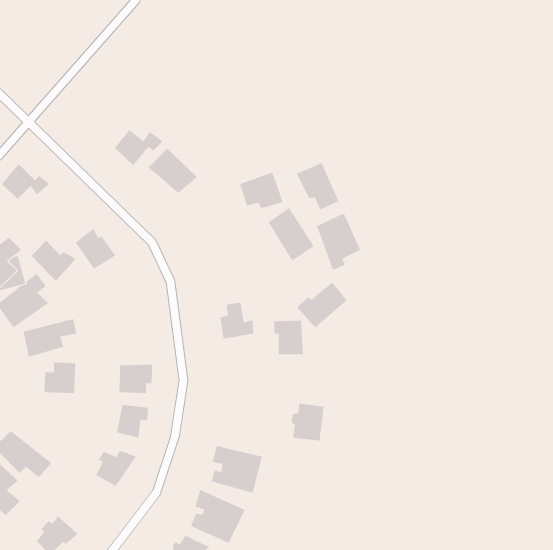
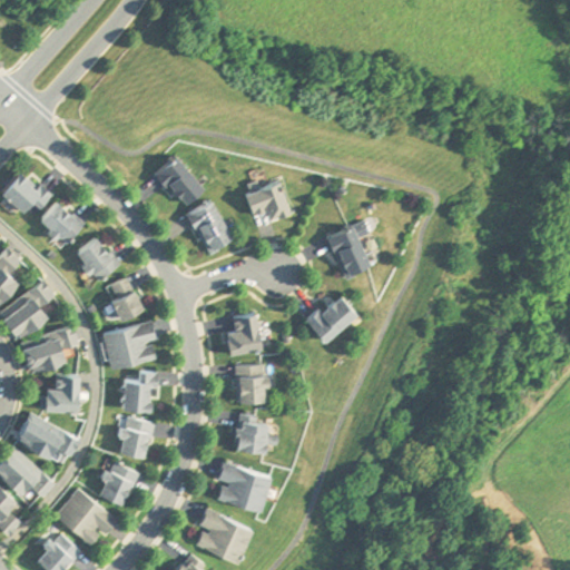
building: [114,129,164,166] -> none
building: [296,162,339,210] -> none
building: [268,207,315,261] -> [183,200,230,256]
building: [31,239,77,282] -> [40,204,87,247]
building: none -> [109,278,142,320]
building: none -> [100,324,154,368]
building: [273,320,304,355] -> [234,366,265,402]
building: none -> [16,413,77,456]
building: [291,403,325,441] -> [234,414,268,453]
building: none -> [57,487,117,544]

